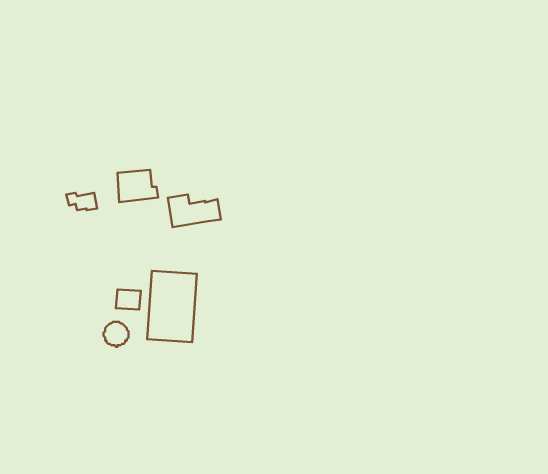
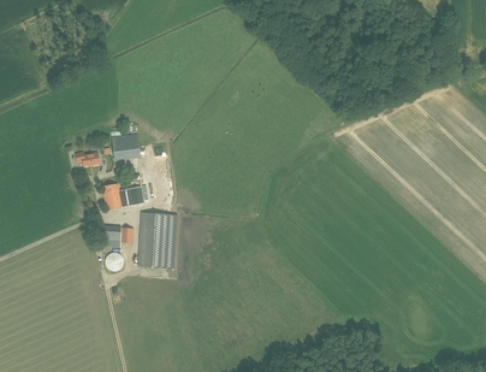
building: [168,195,221,227] -> [100,183,141,208]

